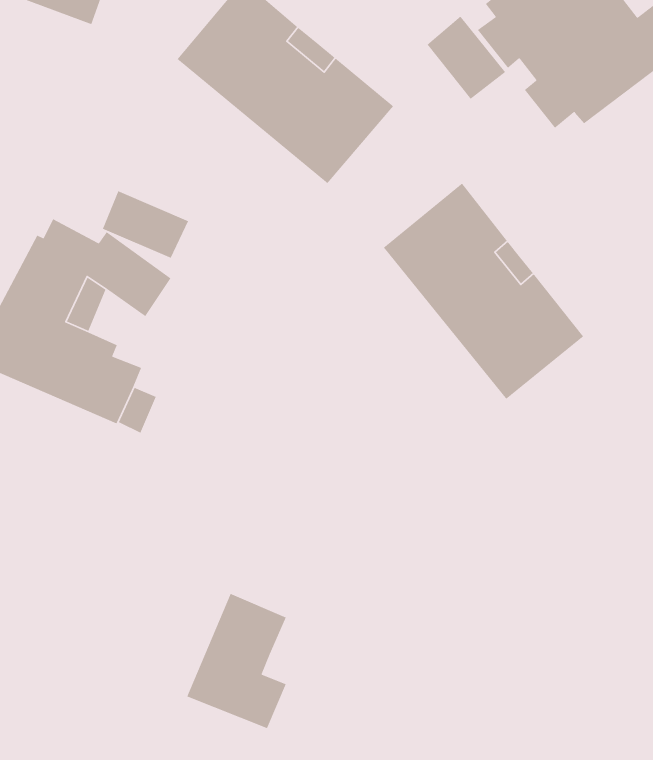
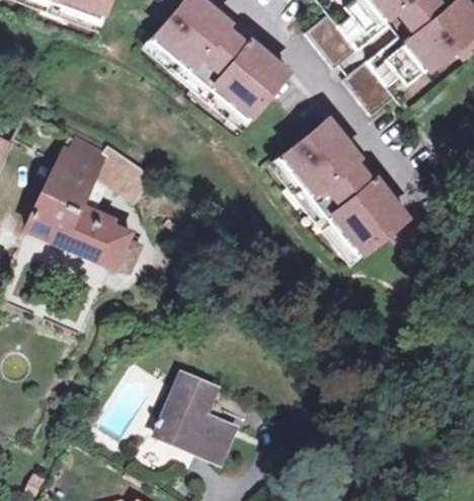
building: none -> [345,59,395,113]
building: [102,190,189,259] -> none
building: none -> [206,412,241,466]

